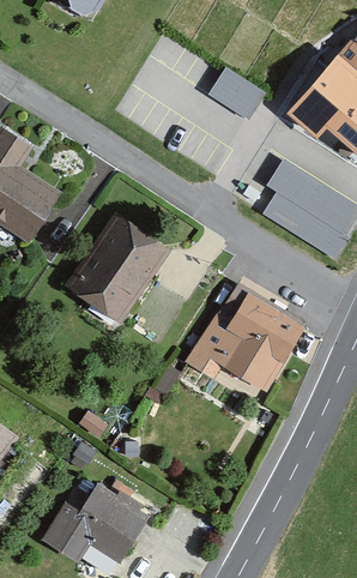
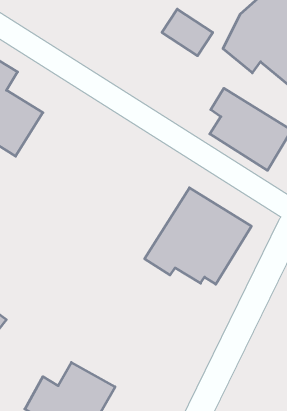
building: [66,211,171,324] -> none

